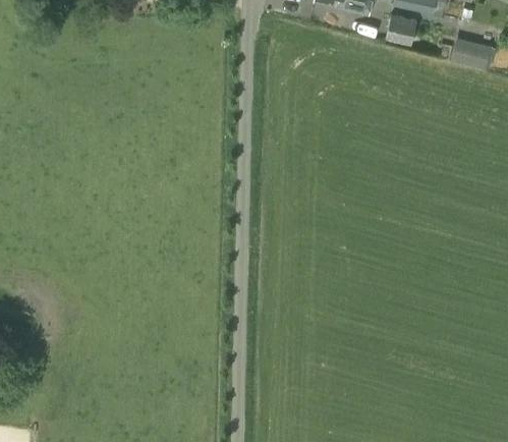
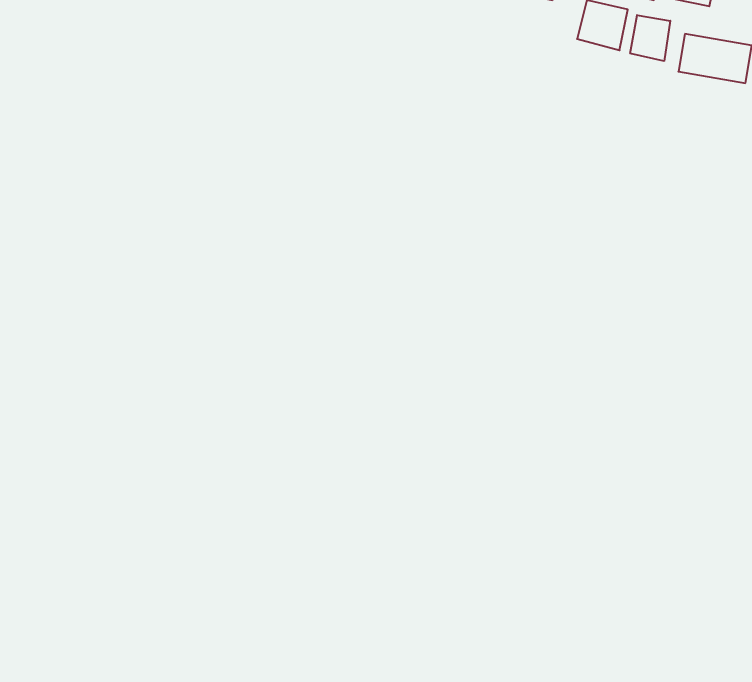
building: none -> [630,15,670,61]

